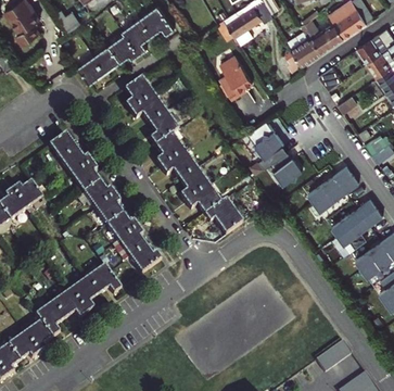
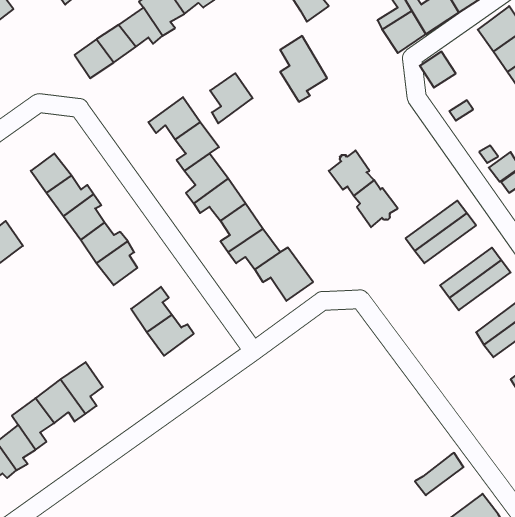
building: [125,77,154,112] -> [210,73,253,123]
building: [106,213,139,241] -> none
building: [87,265,122,295] -> none

